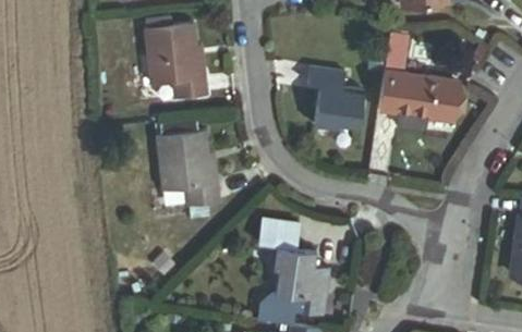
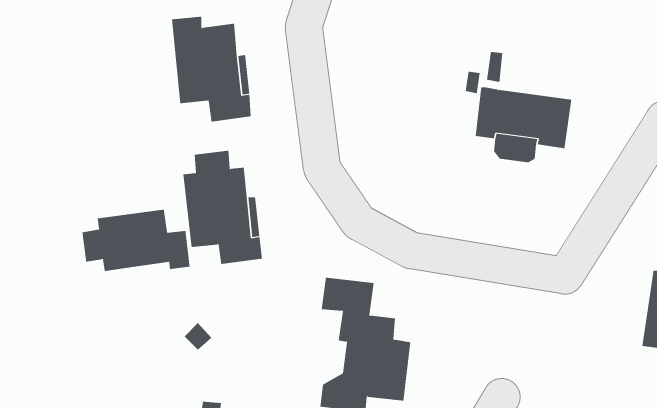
building: [309,70,365,133] -> none
building: none -> [82,209,190,272]

